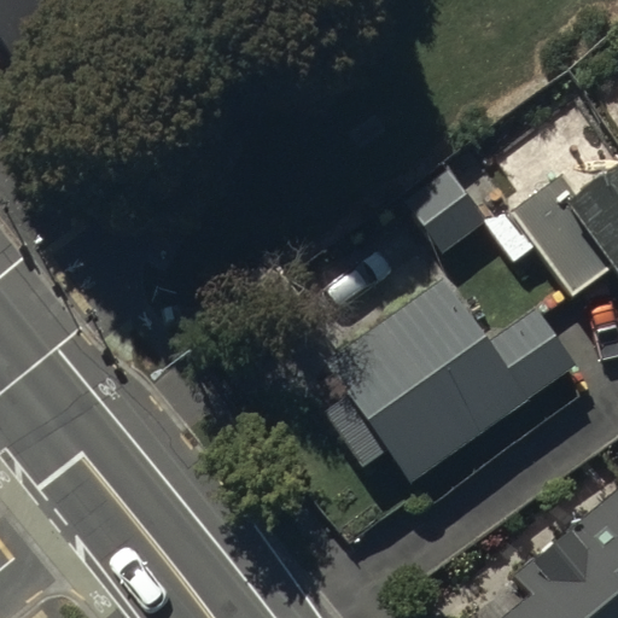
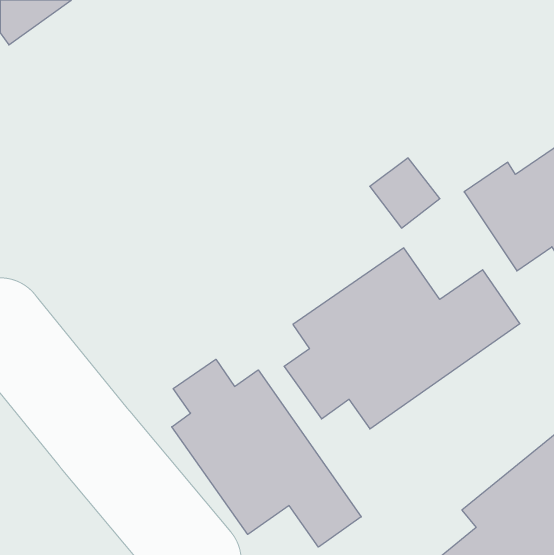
building: none -> [172,359,361,547]

